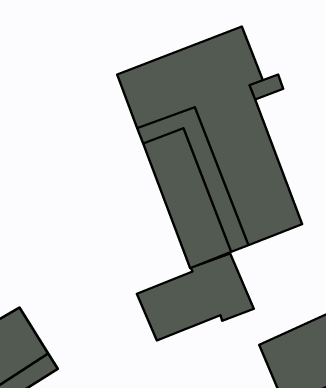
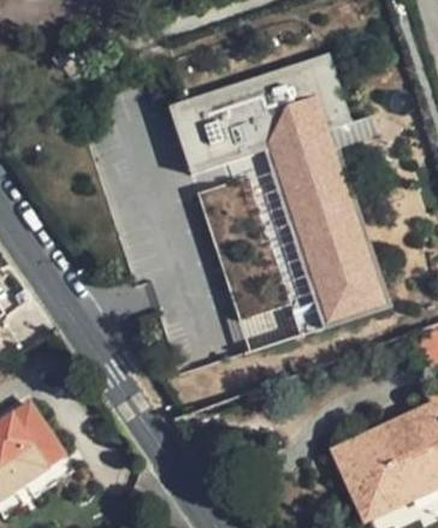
building: [137,254,254,341] -> none

